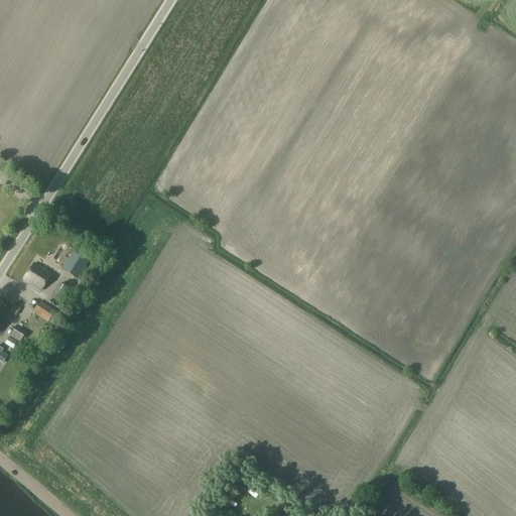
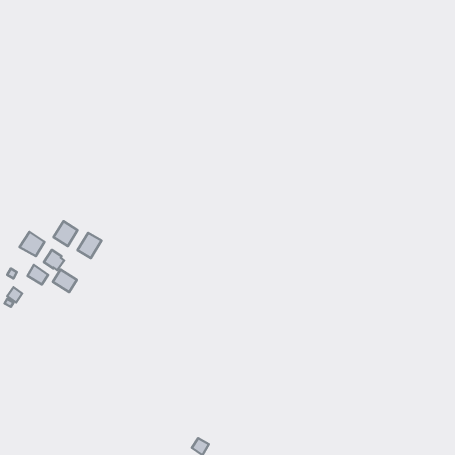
building: none -> [78,233,101,258]
building: none -> [53,269,77,292]

